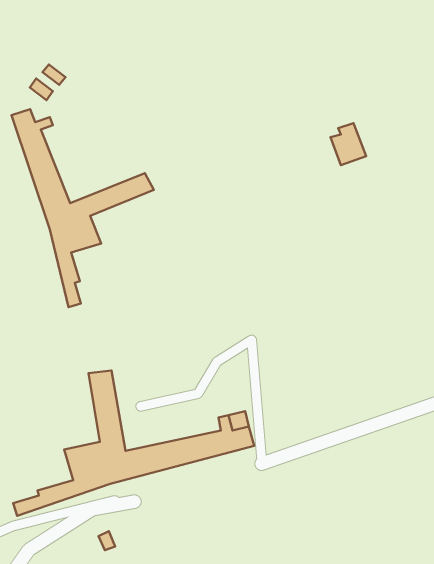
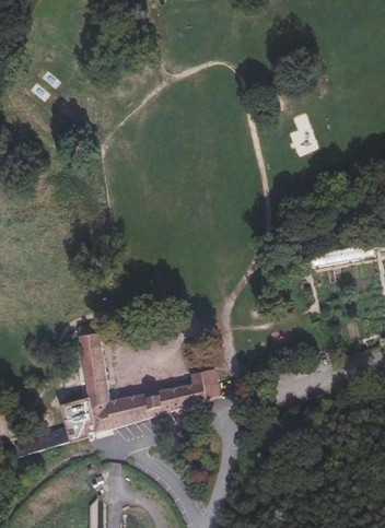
building: [12,109,154,307] -> none

